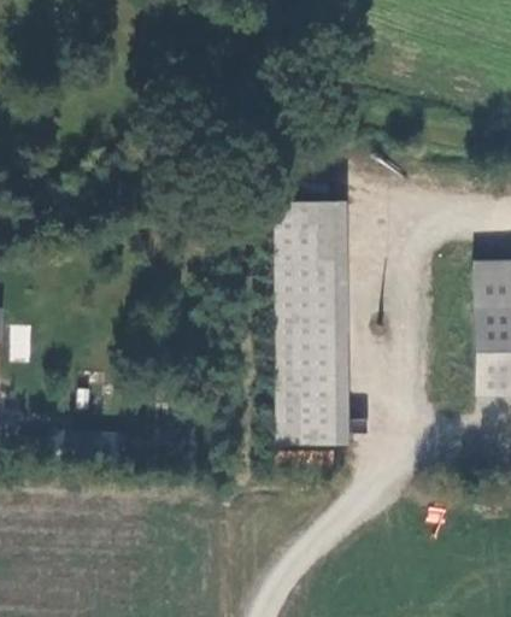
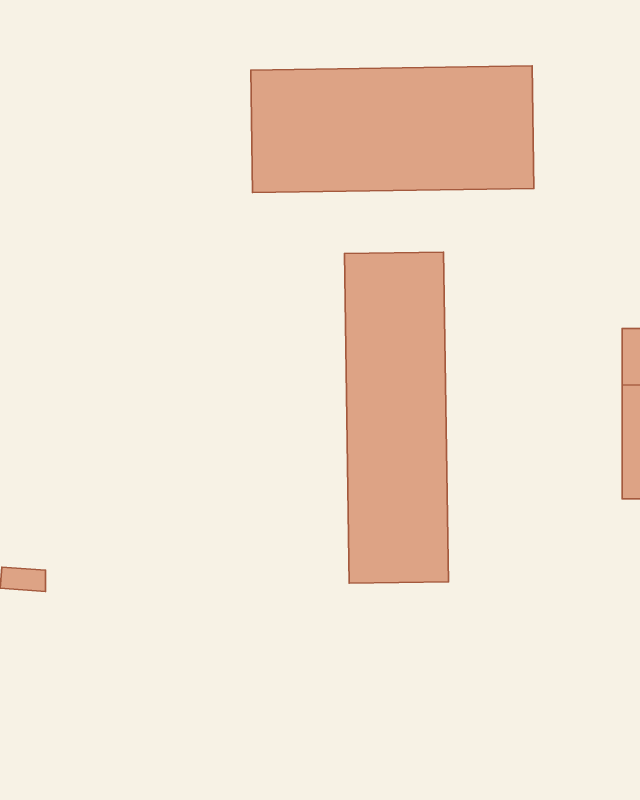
building: none -> [251,66,534,193]

